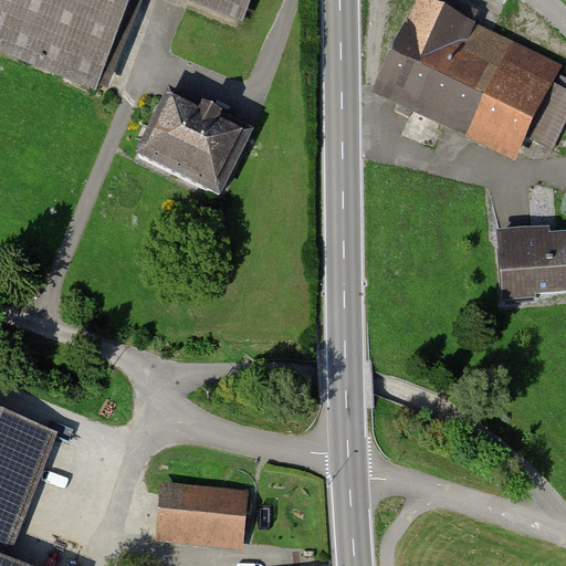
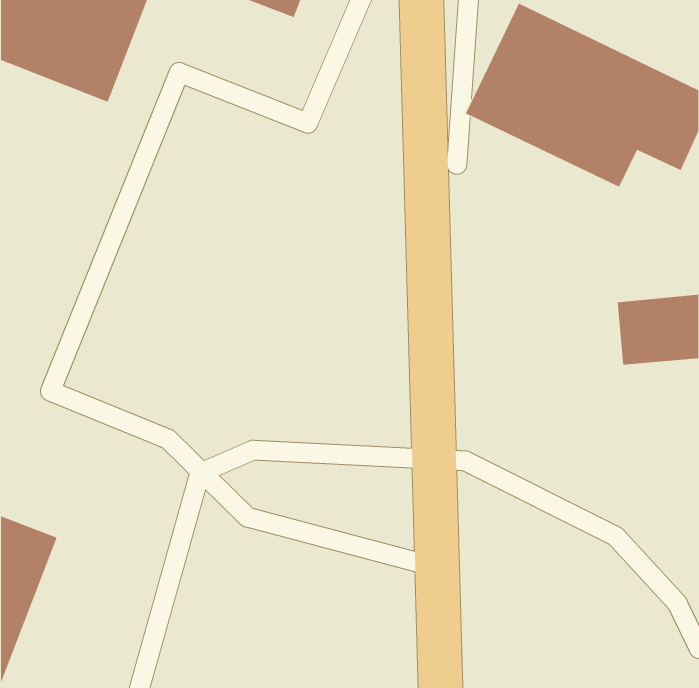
building: [139,87,250,188] -> none
building: [161,486,249,535] -> none

